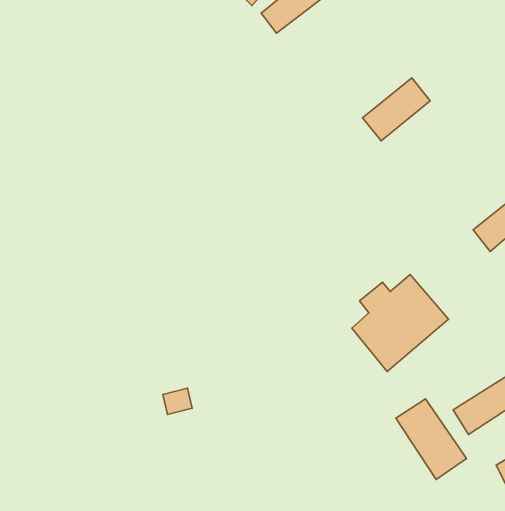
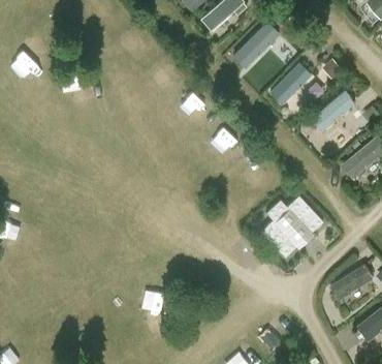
building: none -> [231,22,280,69]
building: none -> [311,89,356,133]
building: [396,399,467,479] -> none

